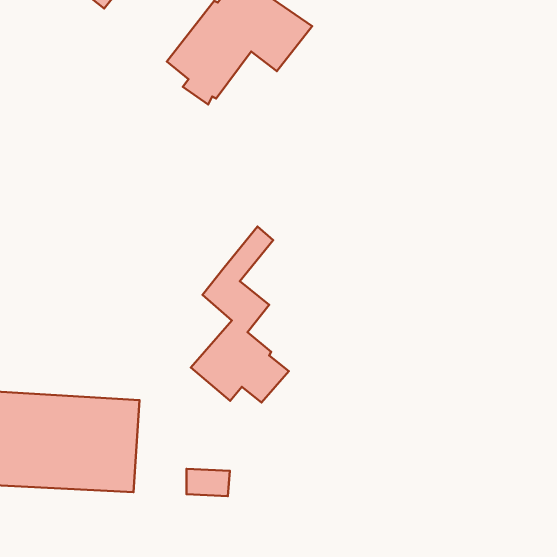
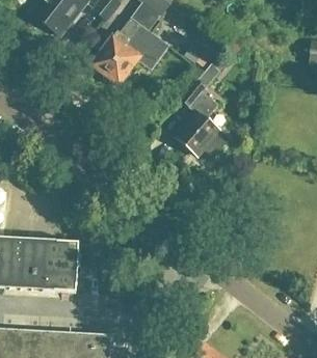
building: [191,226,289,403] -> [177,61,229,155]

